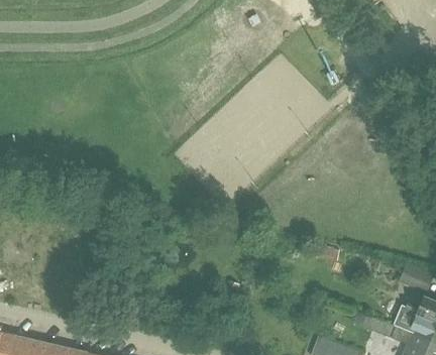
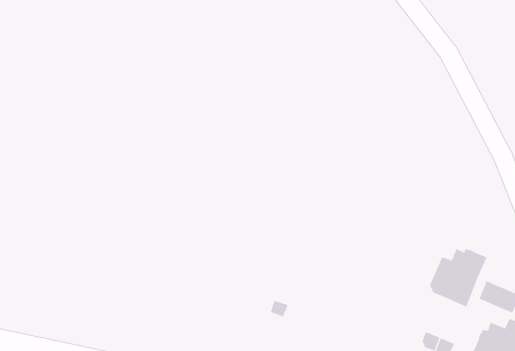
building: none -> [429,248,487,308]

